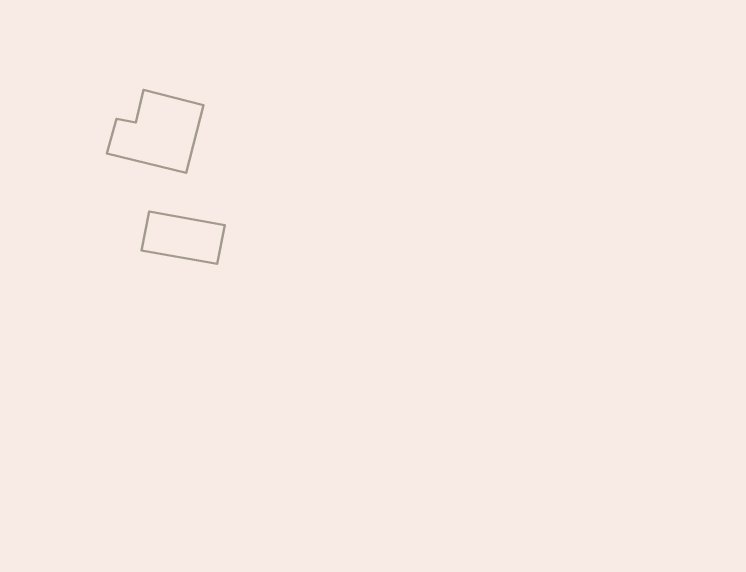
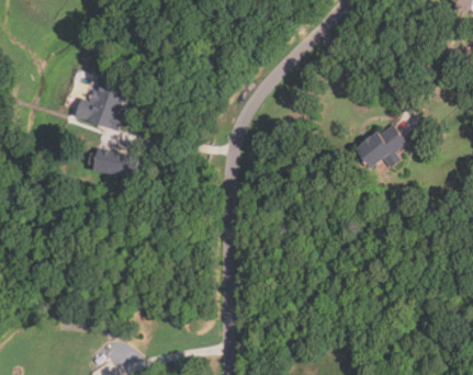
building: none -> [352,122,404,169]

